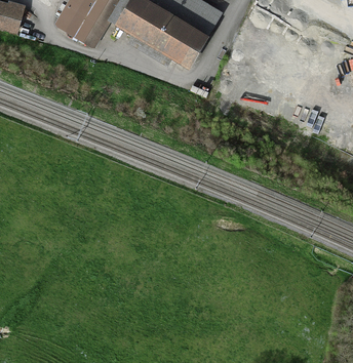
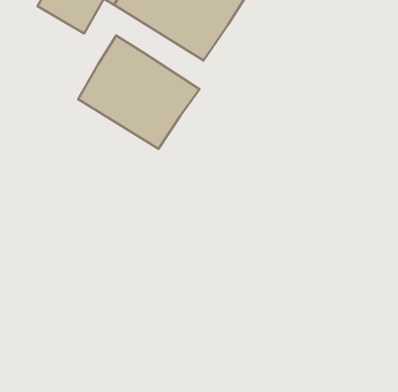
building: none -> [78,35,199,149]

